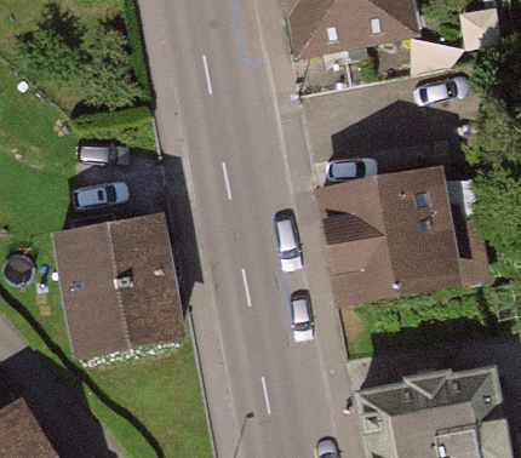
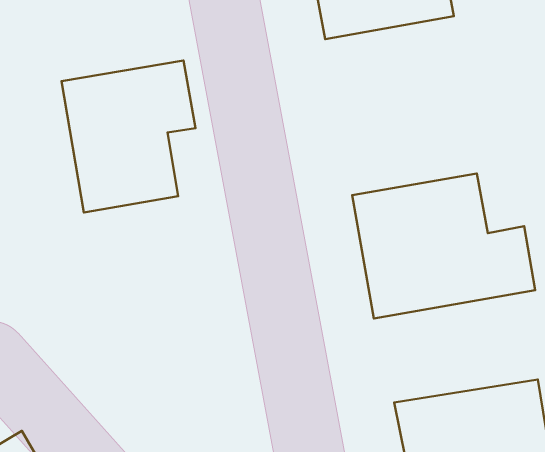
building: none -> [62,60,195,212]
building: [61,224,179,356] -> none

